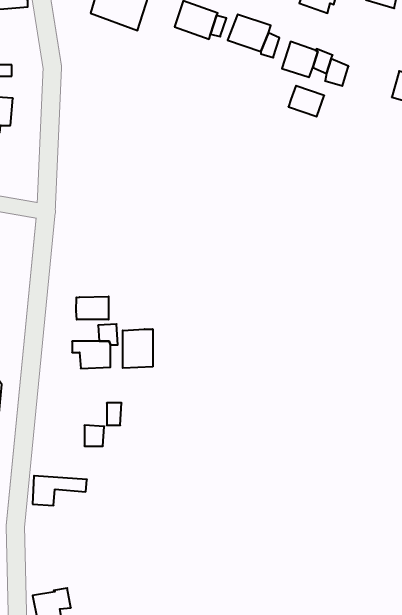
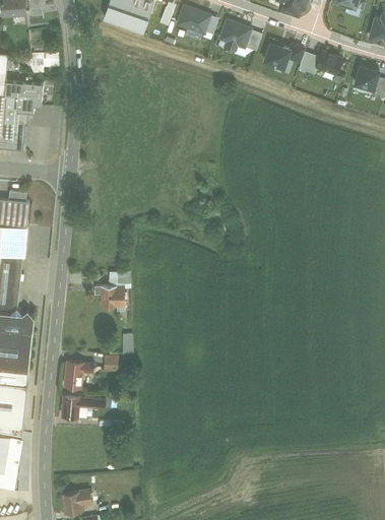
building: [288,86,324,117] -> [317,48,346,73]
building: [76,296,109,320] -> none
building: [123,329,153,368] -> none
building: none -> [59,360,91,388]

